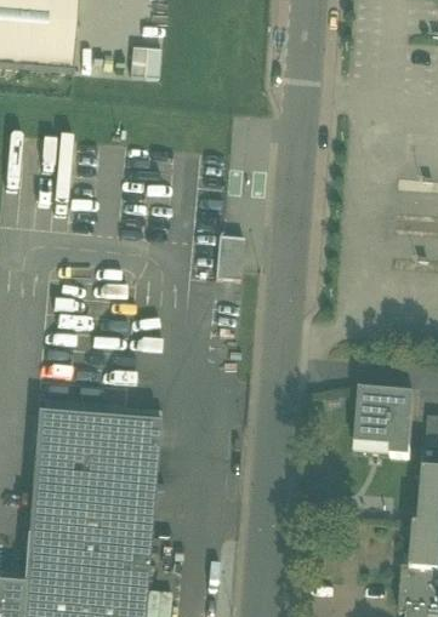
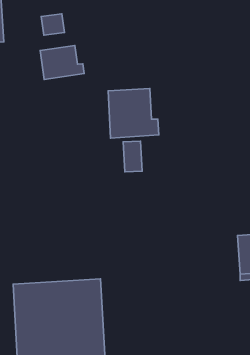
building: none -> [40,46,84,79]
building: none -> [108,89,159,138]

